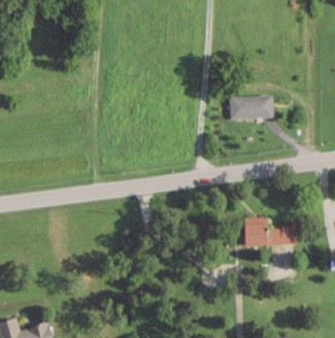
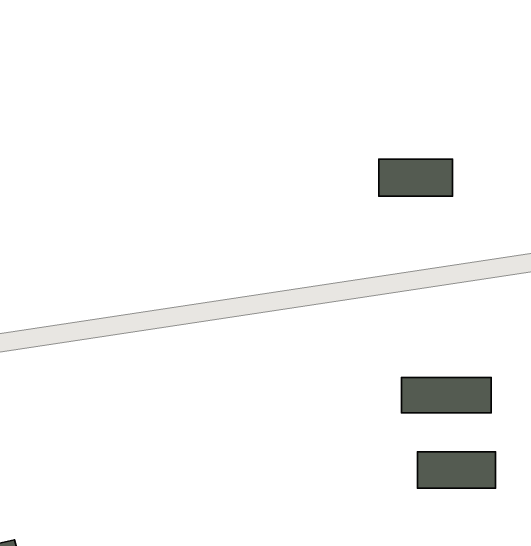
building: none -> [417,452,496,488]

